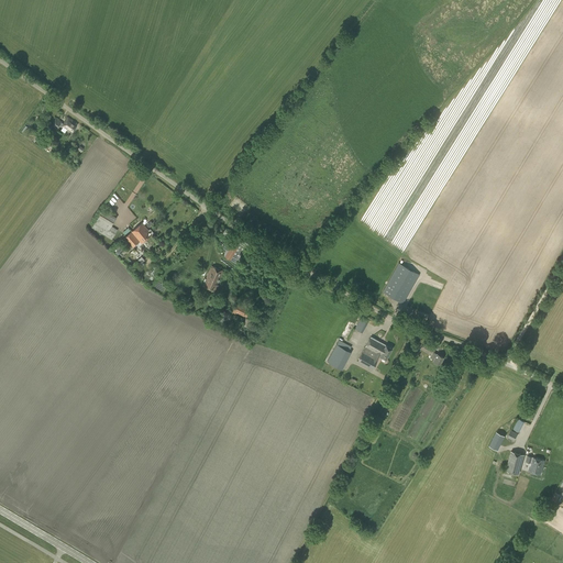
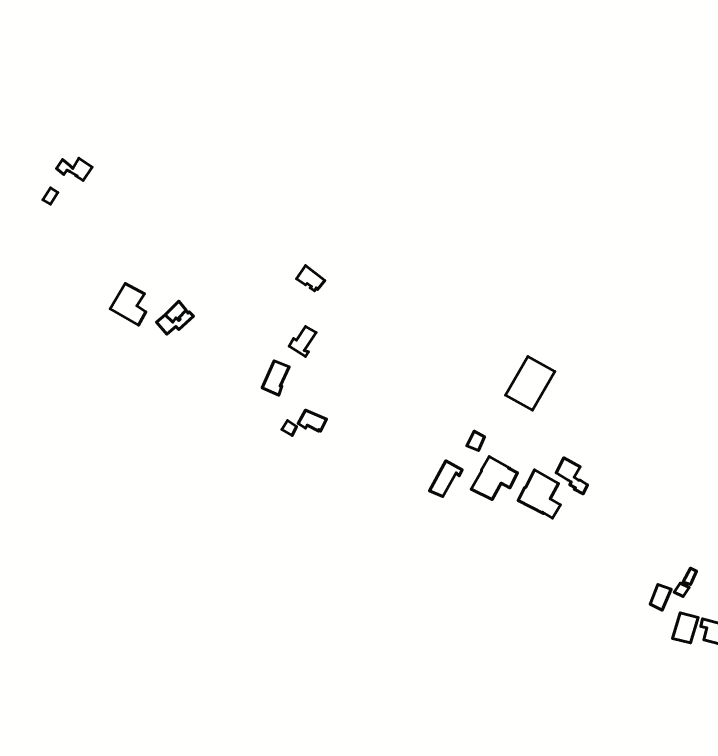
building: none -> [518,470,561,518]

